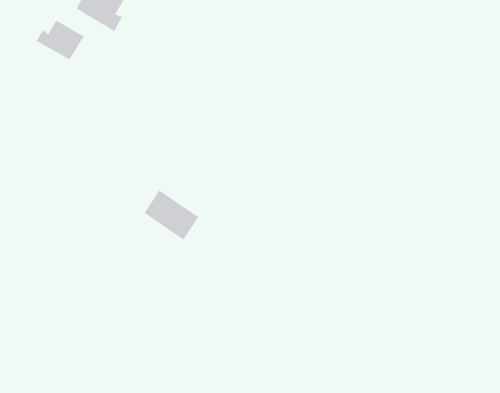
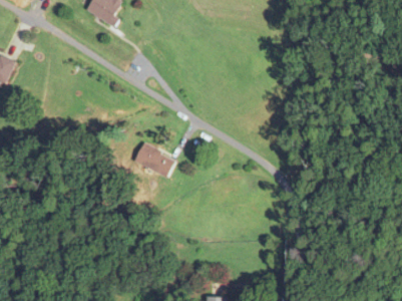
building: [36,20,84,60] -> none

